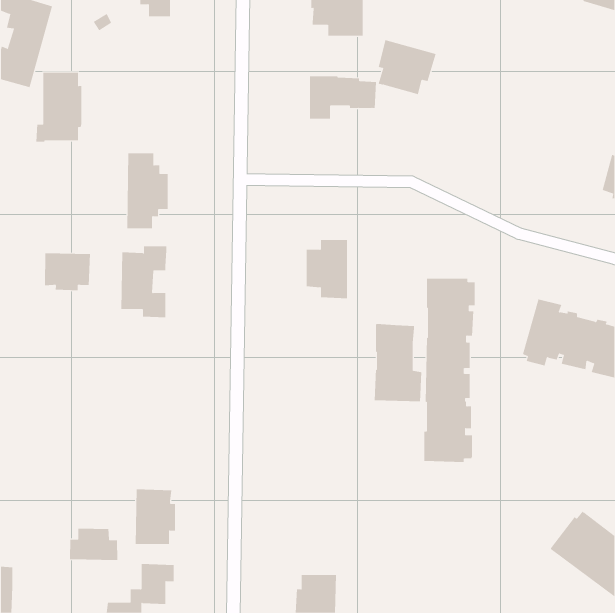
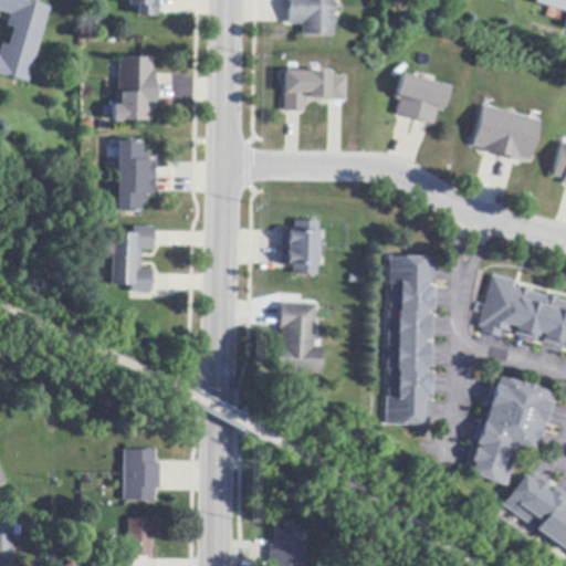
building: [378,39,437,95] -> [396,72,450,123]
building: [35,72,82,142] -> [112,56,155,120]
building: none -> [472,105,541,160]
building: [44,253,90,291] -> none
building: [374,324,422,402] -> [280,302,324,374]
building: none -> [469,376,554,484]
building: [69,528,118,561] -> none

